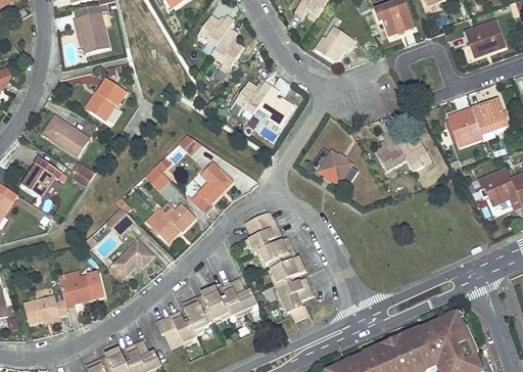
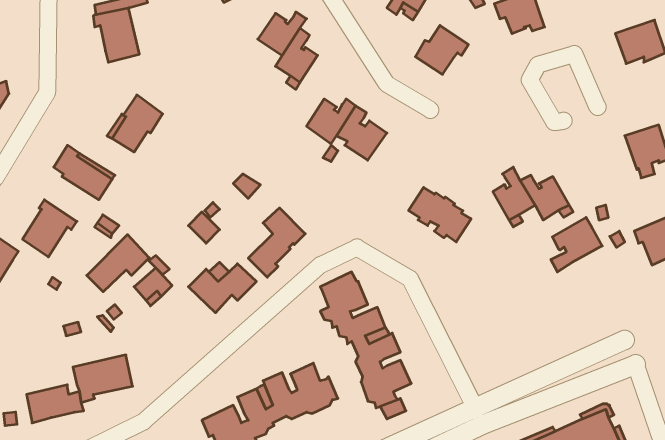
building: [446,108,483,146] -> none
building: none -> [551,217,602,272]
building: [106,238,153,281] -> [87,235,149,292]

